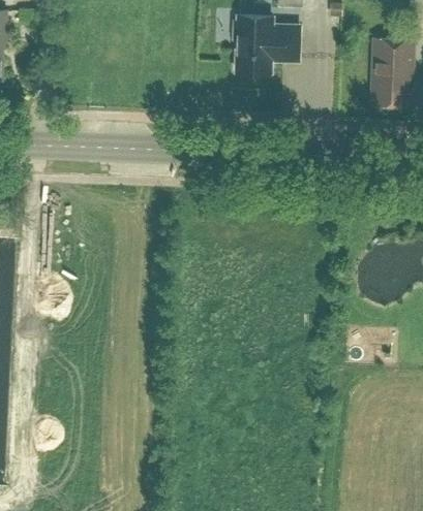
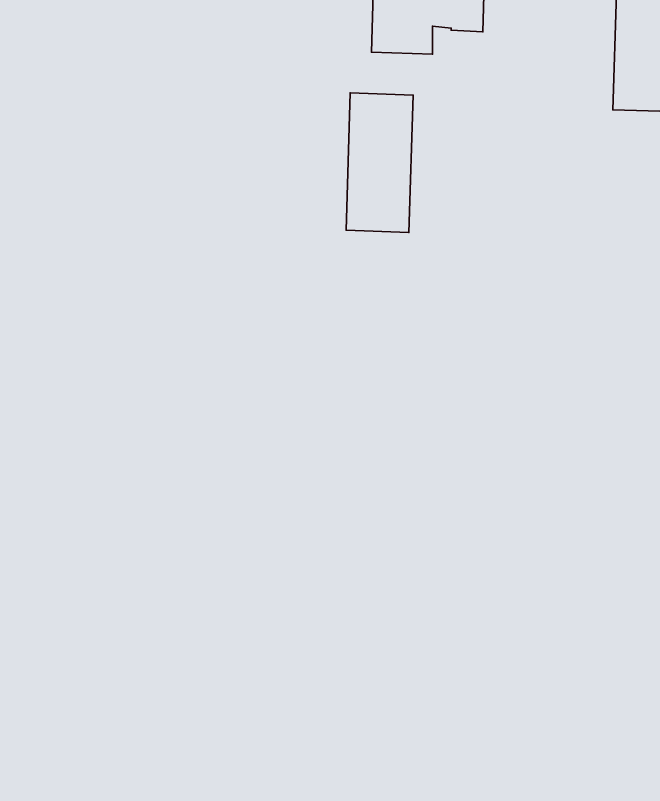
building: none -> [346,93,413,232]

